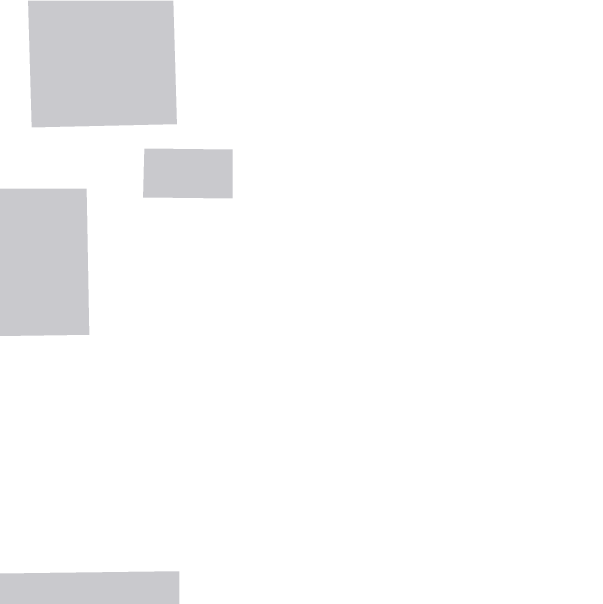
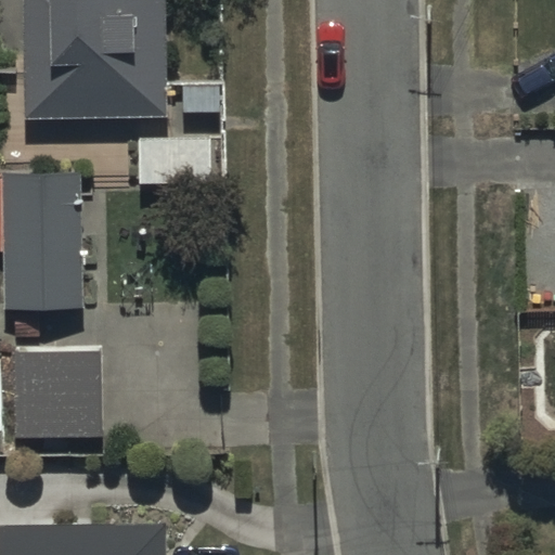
building: none -> [13,349,100,439]

